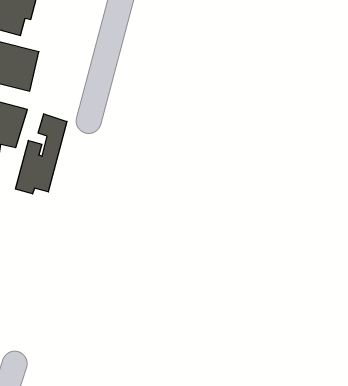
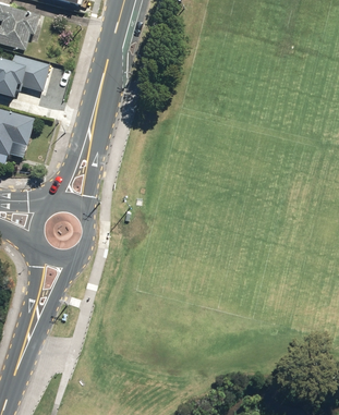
building: [15,114,67,194] -> none

